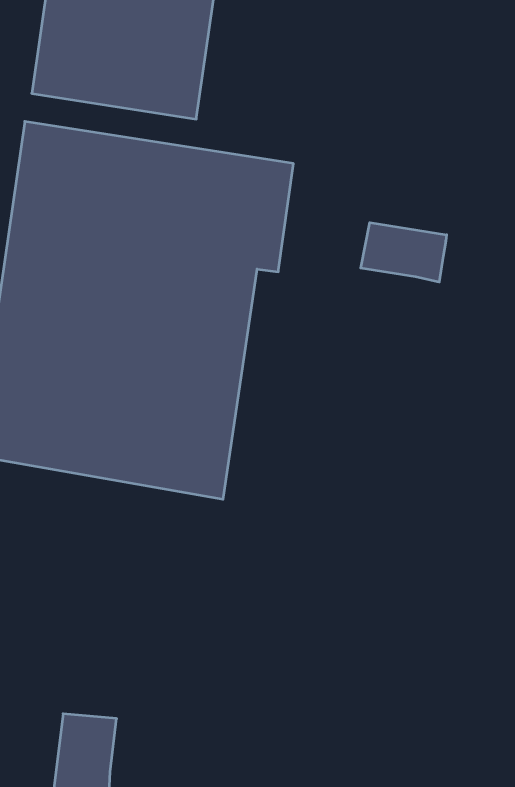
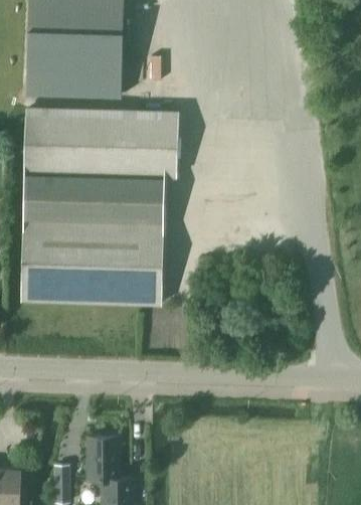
building: [361,223,447,282] -> none

